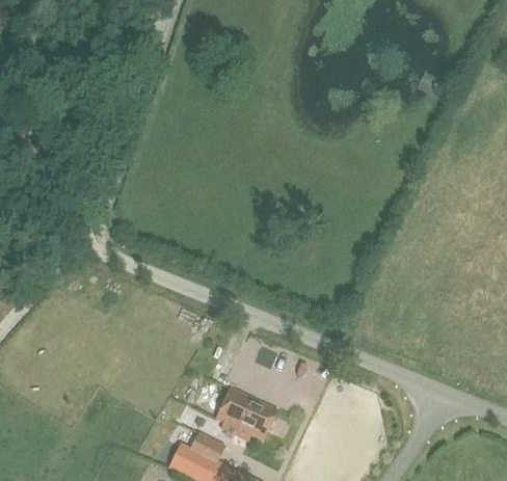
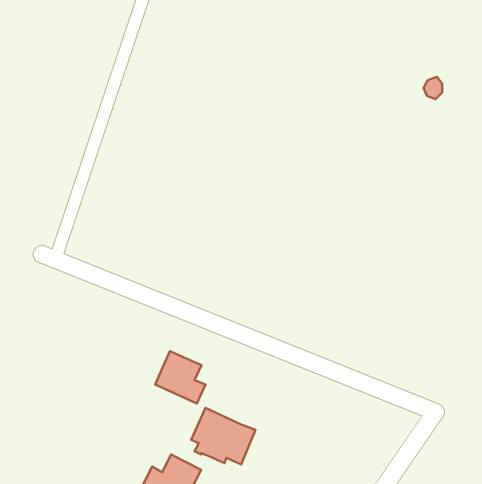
building: none -> [155,351,205,403]

